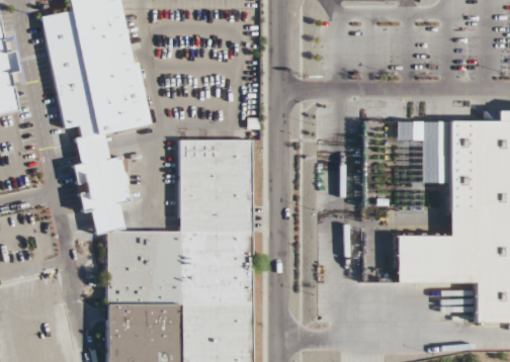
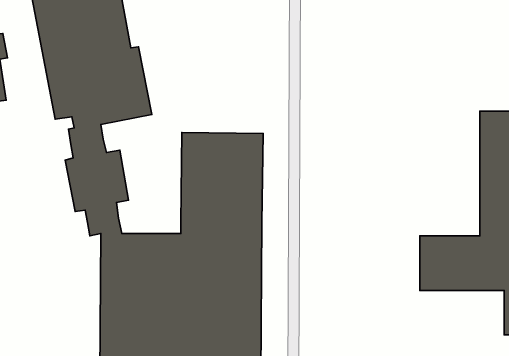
building: [399,121,445,182] -> none

